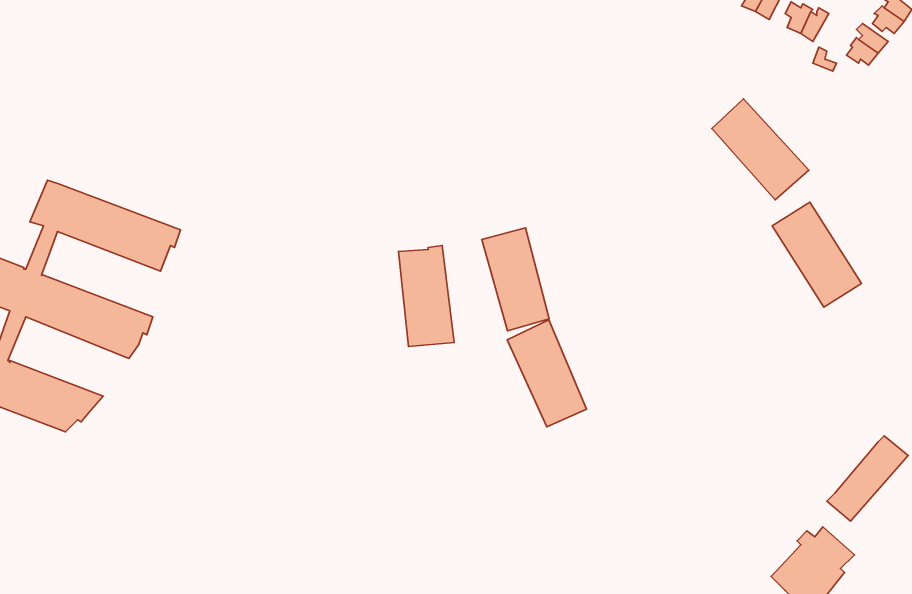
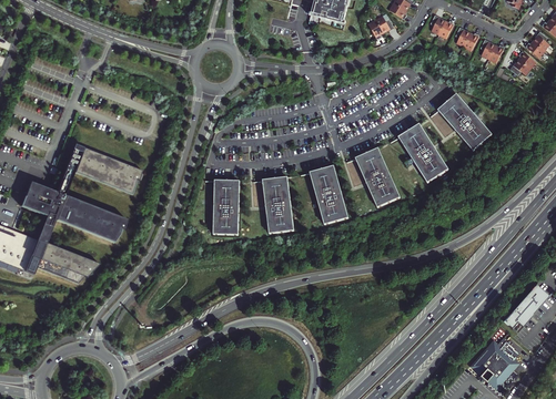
building: [772,202,861,307] -> [397,124,447,183]
building: none -> [212,181,239,234]
building: [507,320,586,427] -> [354,147,398,207]

